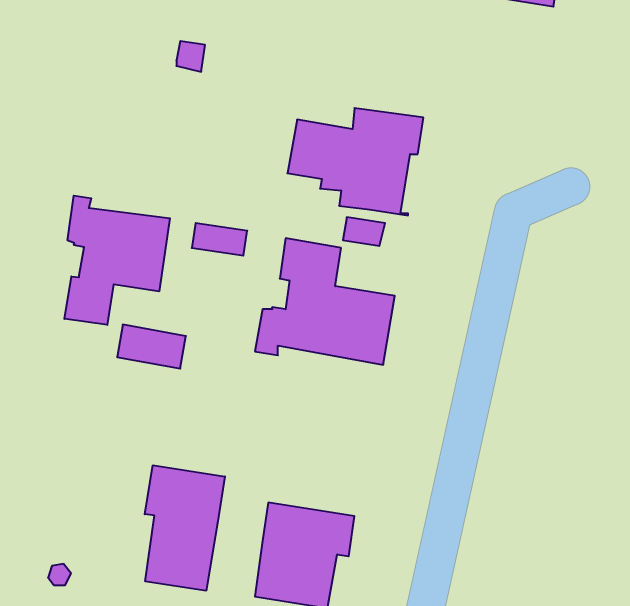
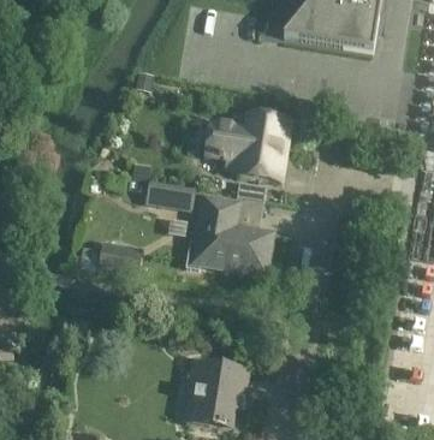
building: [64,196,170,325] -> none
building: [145,465,225,591] -> none

